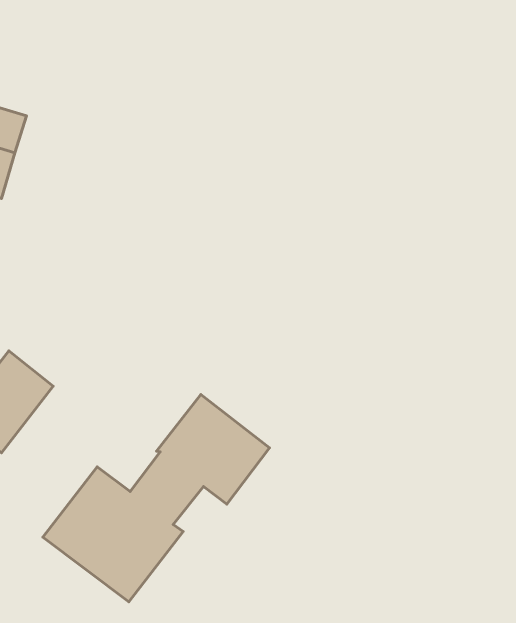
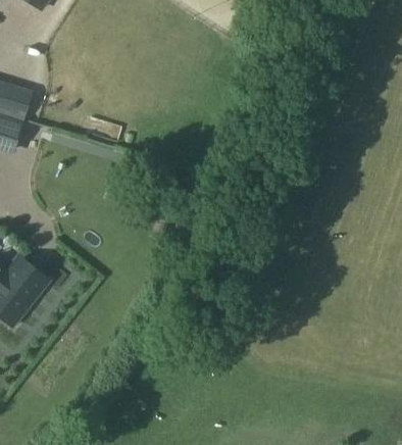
building: [43,395,270,602] -> none

